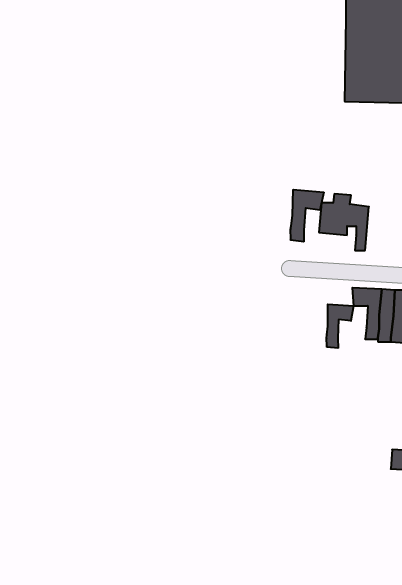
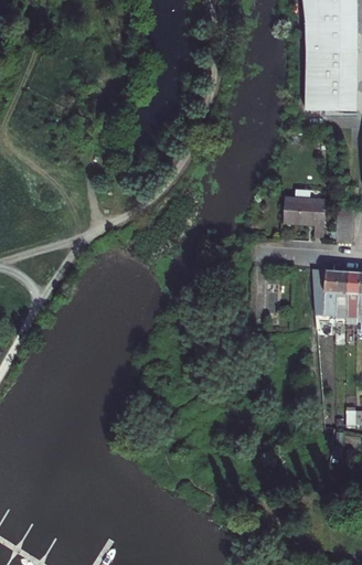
building: [291,190,324,242] -> none
building: [327,304,354,348] -> none

